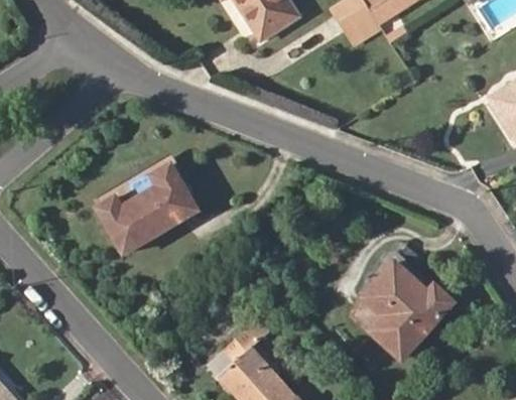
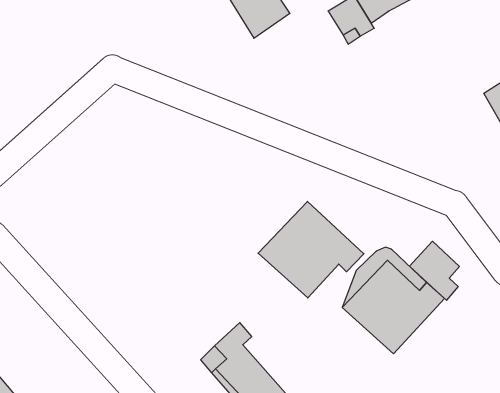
building: [97,166,199,255] -> none
building: none -> [258,201,364,298]
building: none -> [409,241,459,300]

